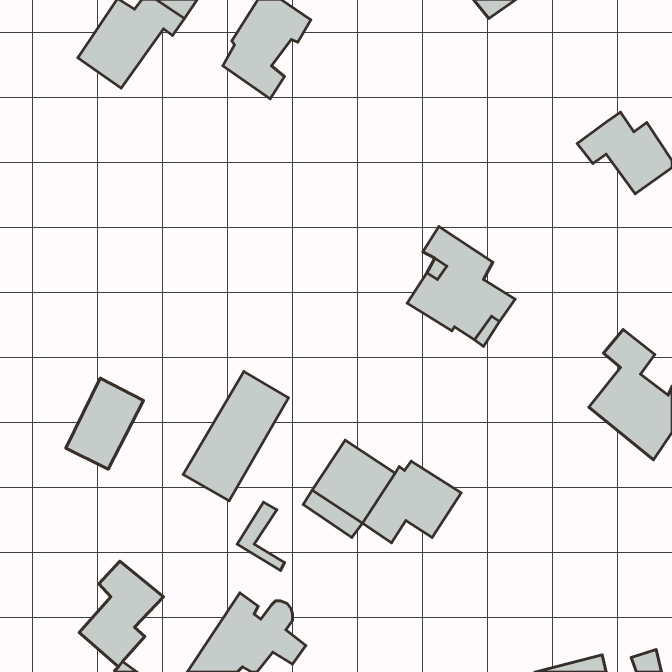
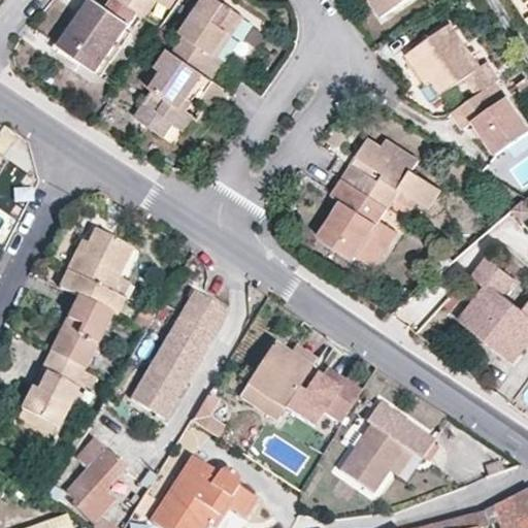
building: none -> [406,23,498,95]
building: none -> [134,47,229,134]
building: none -> [343,136,440,208]
building: none -> [58,229,132,315]
building: none -> [22,351,82,426]
building: none -> [128,371,179,419]
building: none -> [337,405,432,496]

